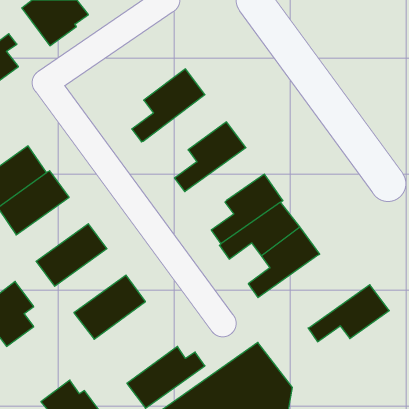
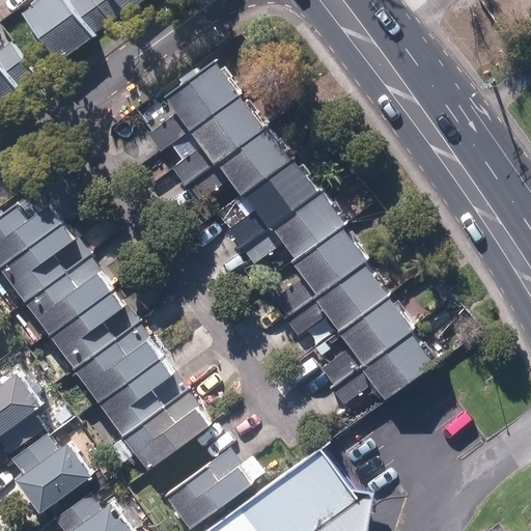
building: none -> [146,58,240,150]
building: none -> [185,123,292,203]
building: none -> [240,190,344,266]
building: none -> [21,256,114,339]
building: none -> [71,323,163,406]
building: [308,285,389,342] -> [329,332,434,406]
building: none -> [121,391,212,473]
building: none -> [12,431,96,507]

